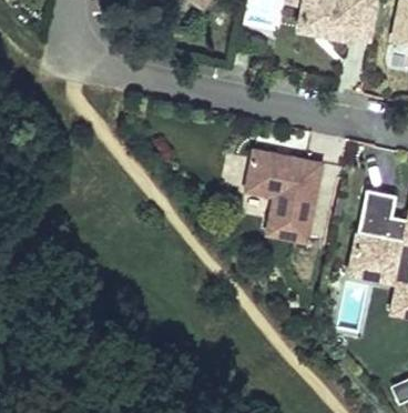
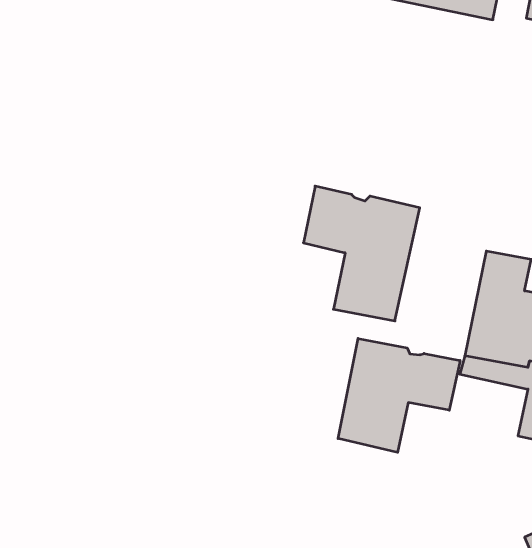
building: none -> [338,338,460,452]

